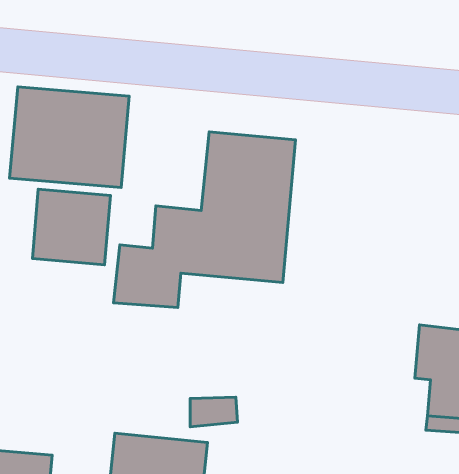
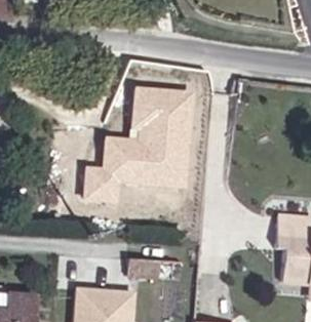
building: [10,87,129,188] -> none
building: [32,189,110,265] -> none

